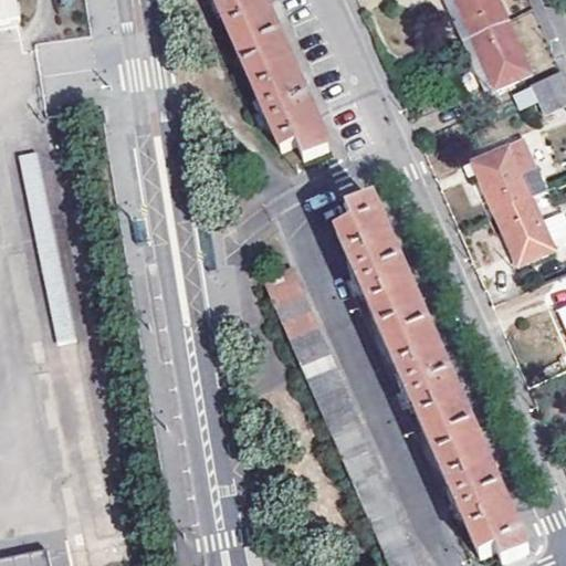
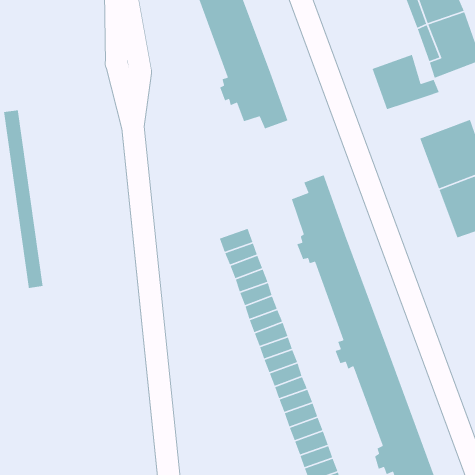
building: none -> [372,54,440,110]

